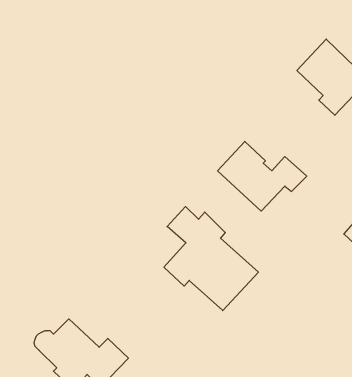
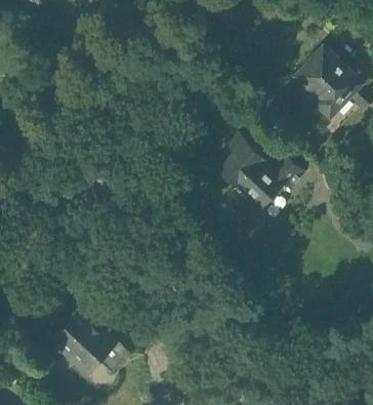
building: [164,207,258,311] -> none

